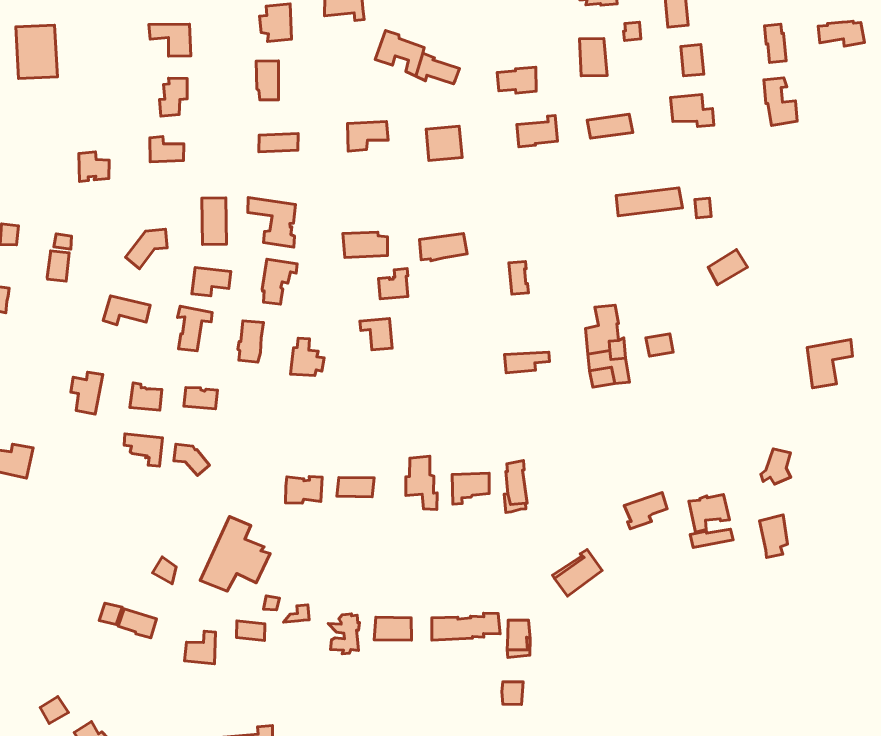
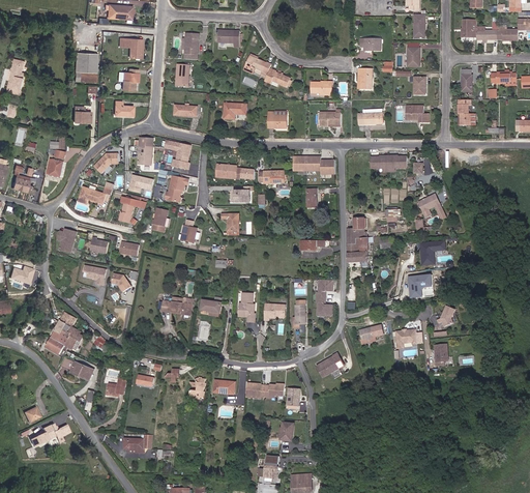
building: [16,25,57,79] -> [73,52,96,82]
building: none -> [293,156,333,173]
building: [807,340,853,388] -> [420,240,445,265]
building: none -> [407,272,432,298]
building: none -> [316,280,333,315]
building: [200,516,270,591] -> [45,312,85,353]

